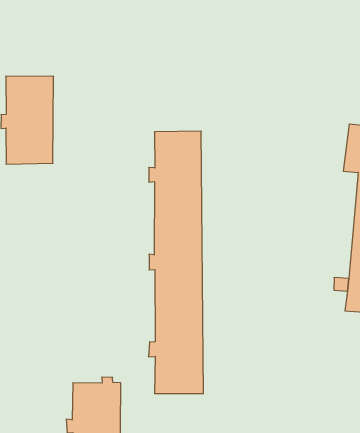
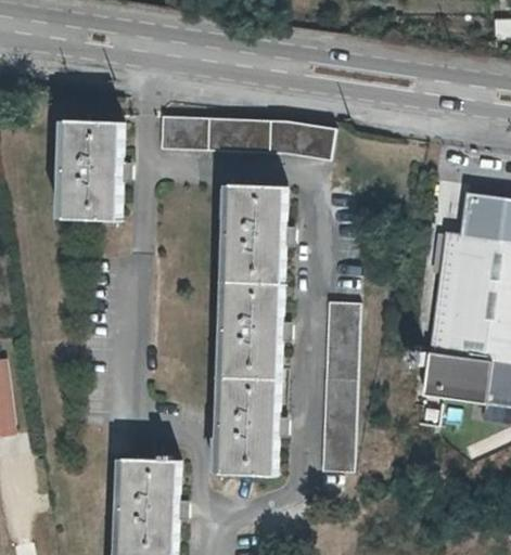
building: none -> [163,119,338,166]
building: none -> [325,307,366,476]

